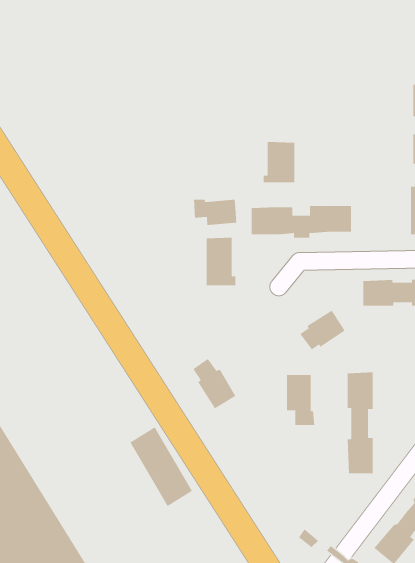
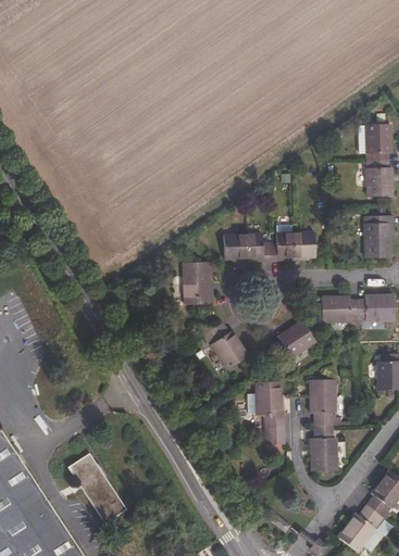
building: [263,141,295,183] -> none
building: [193,199,237,226] -> none
building: [192,358,236,409] -> [207,320,246,366]
building: [129,427,193,507] -> [68,454,125,526]

